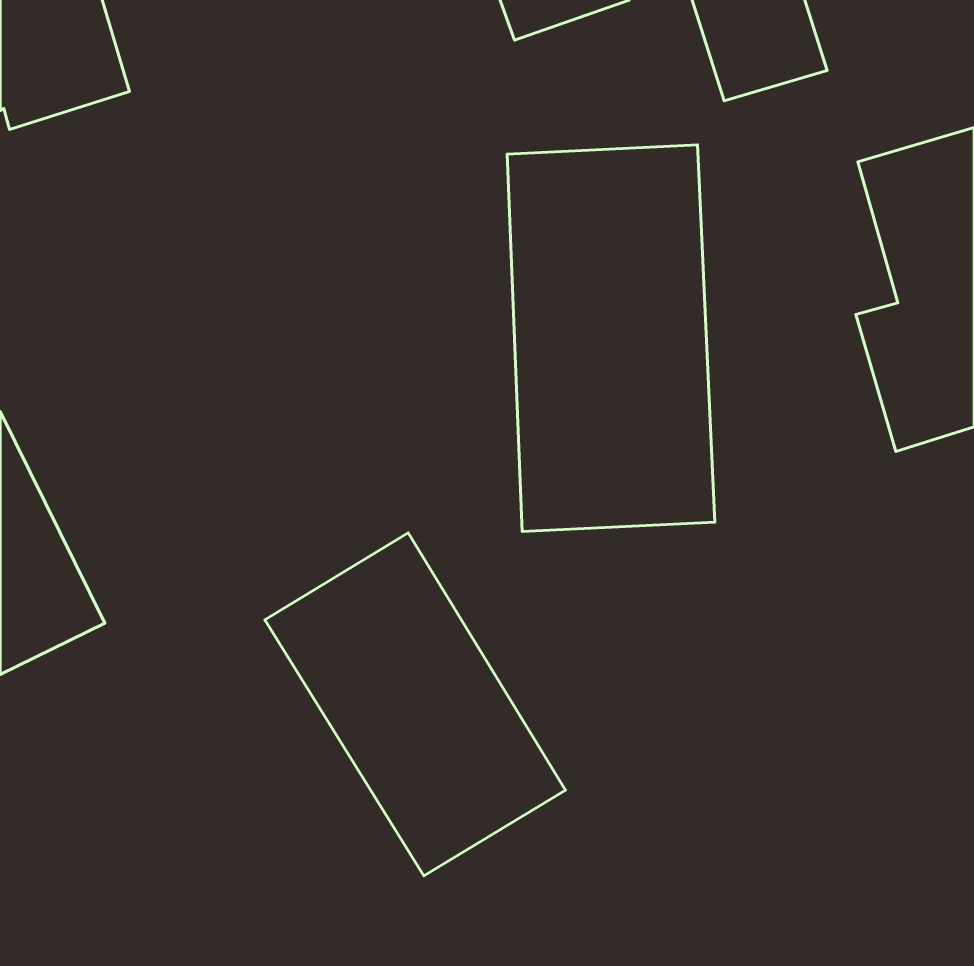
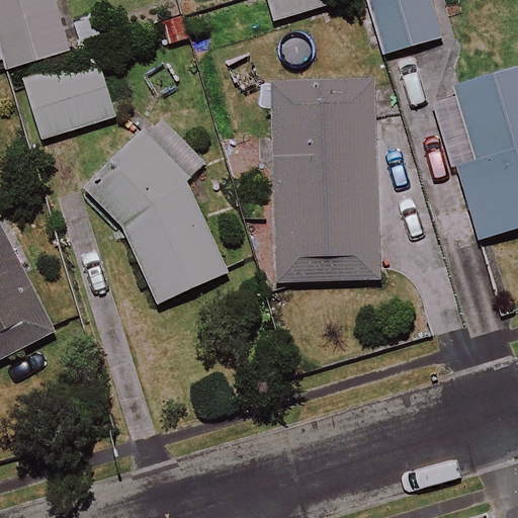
building: none -> [21,57,113,139]
building: none -> [85,113,222,305]
building: [265,533,565,876] -> none

